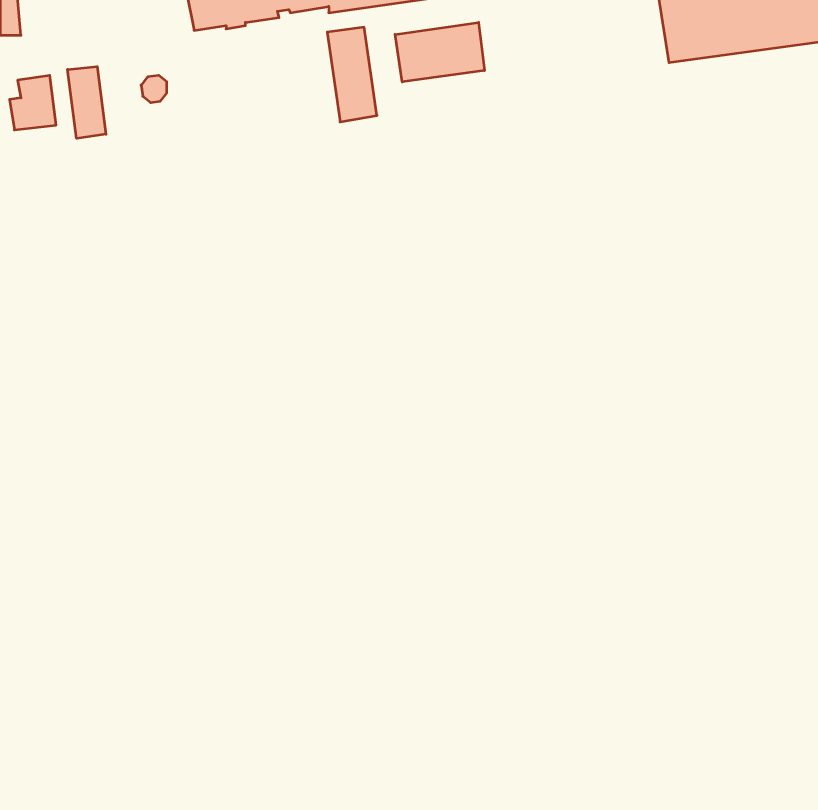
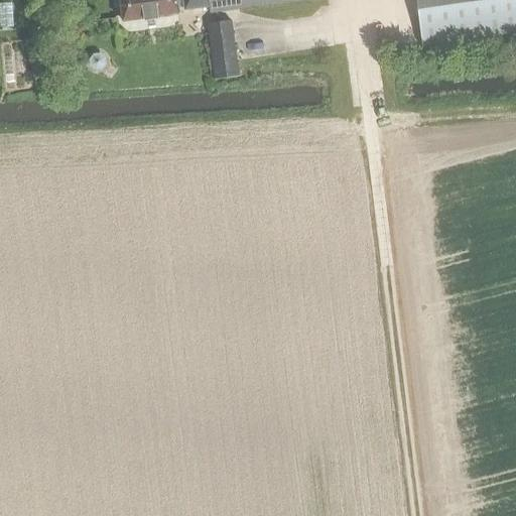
building: [395,22,484,82] -> none
building: [68,67,106,138] -> none

